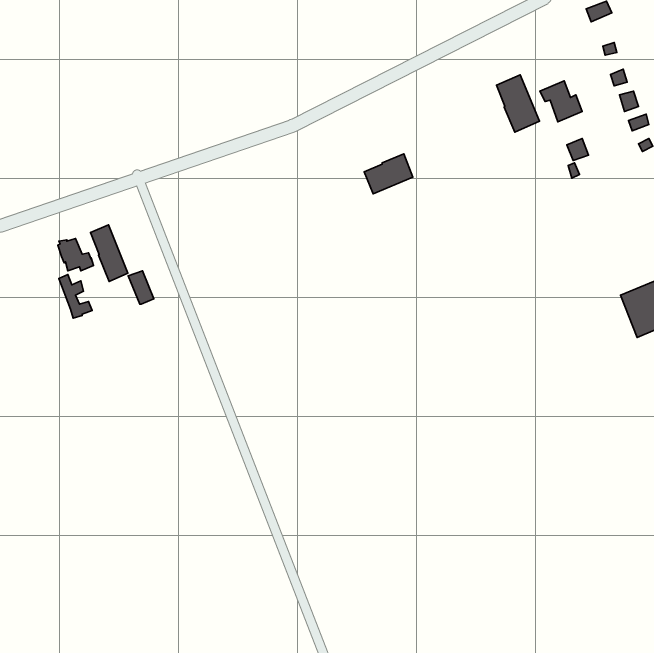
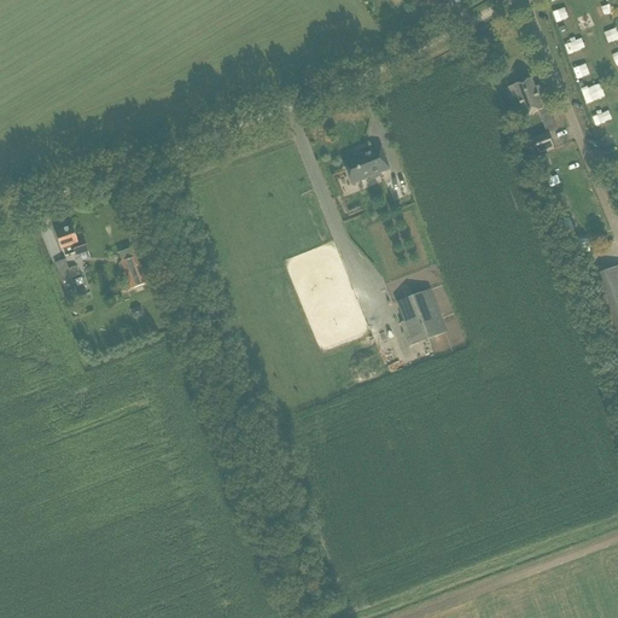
building: [496,75,540,132] -> none
building: [90,225,128,282] -> none
building: none -> [397,287,447,345]

